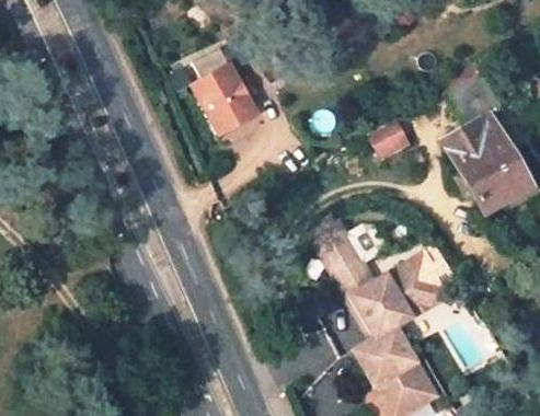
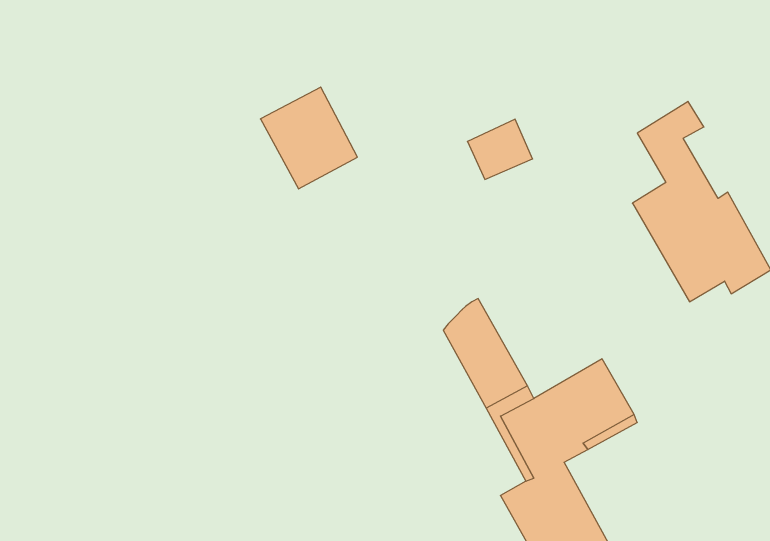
building: [368,118,413,160] -> [467,119,533,179]

